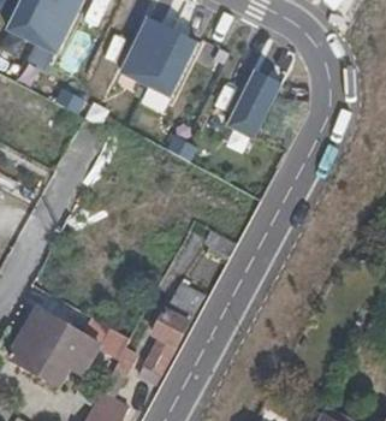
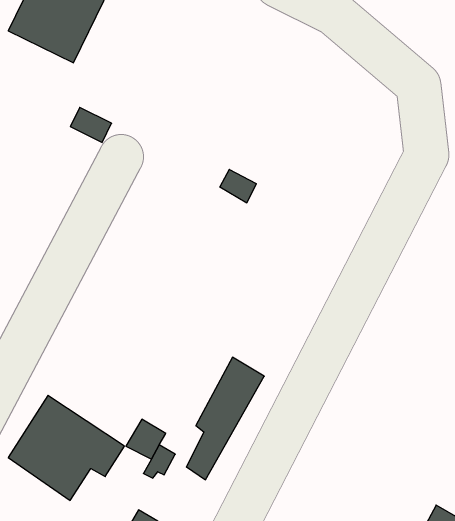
building: [123,19,198,99] -> none
building: [230,72,283,141] -> none

